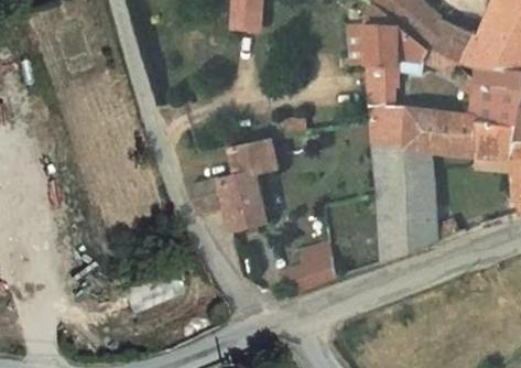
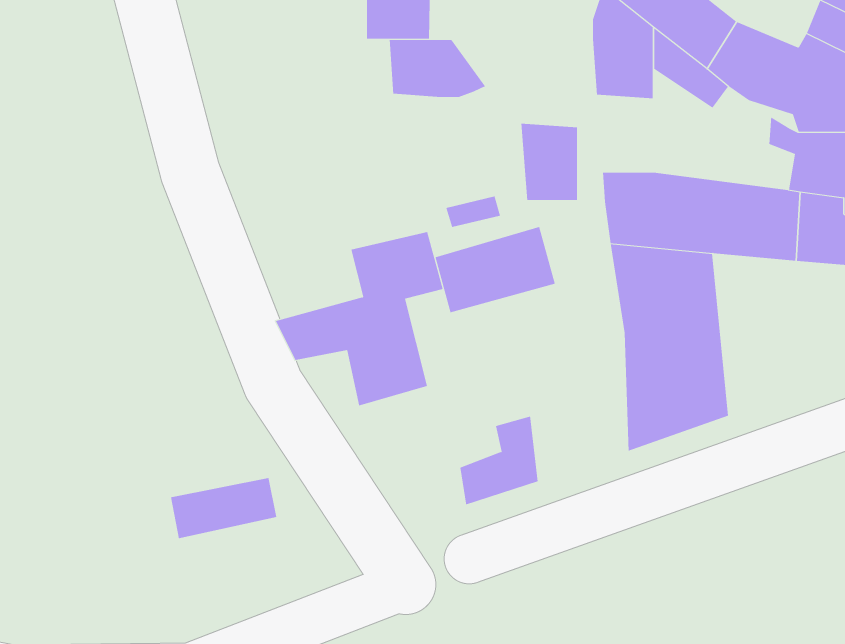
building: none -> [389,39,486,98]
building: [362,61,394,104] -> [521,123,578,201]
building: none -> [435,226,556,313]

